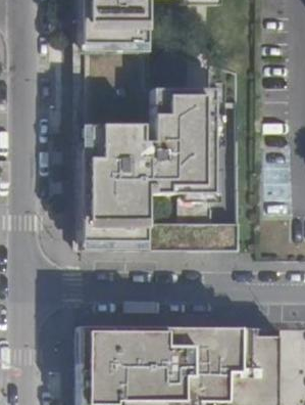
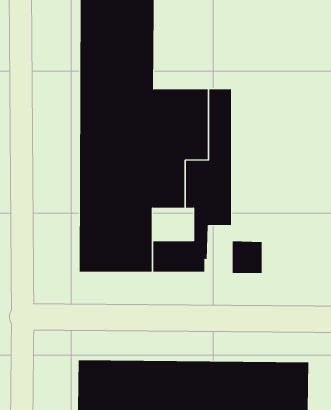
building: [192,208,215,250] -> none

